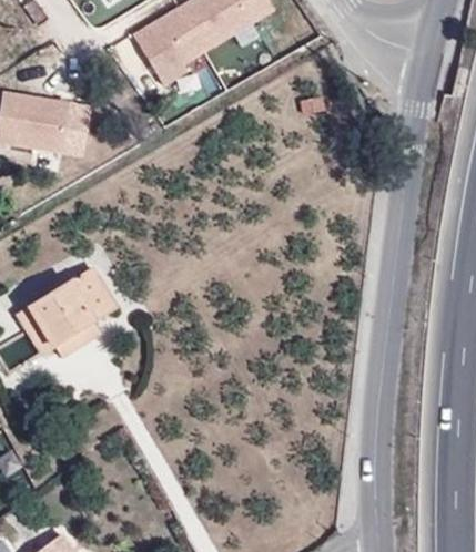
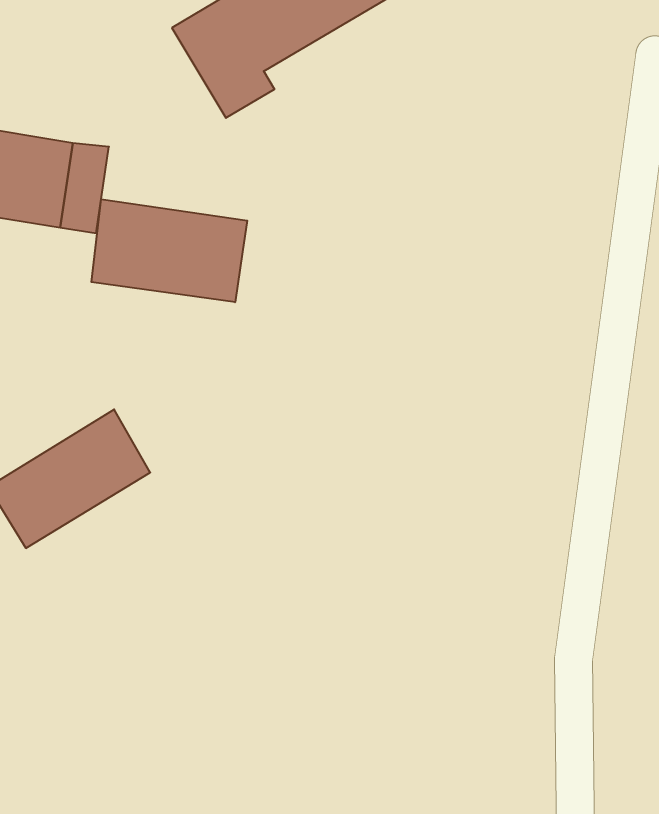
building: none -> [91,199,247,302]

